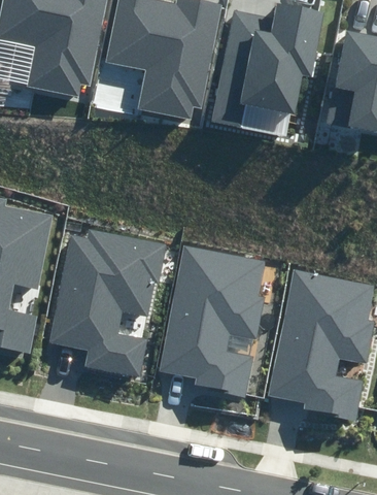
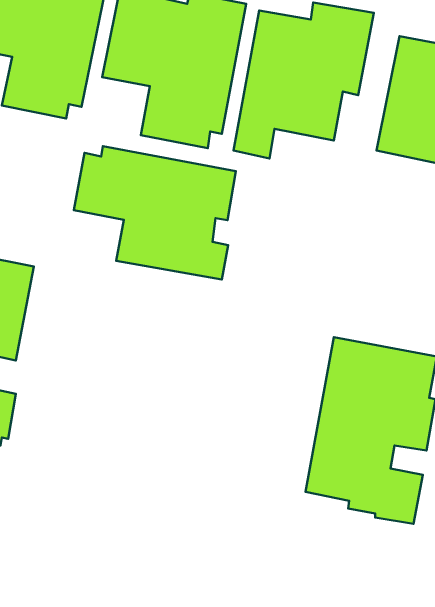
building: none -> [74,146,236,280]
building: [49,229,165,377] -> none
building: [161,245,265,396] -> none

